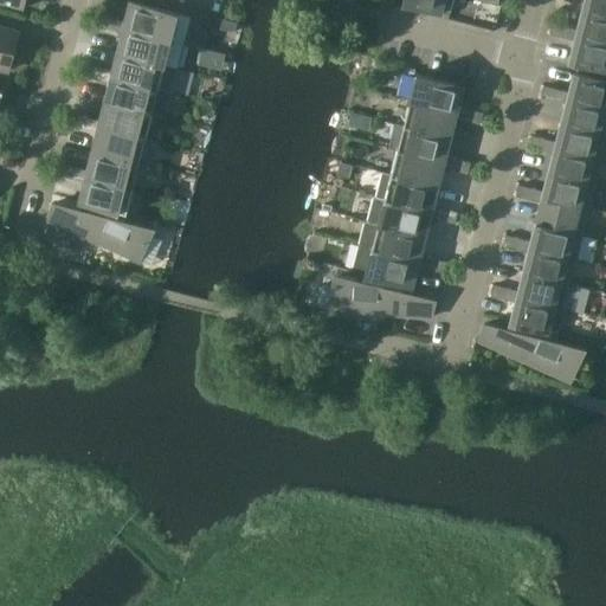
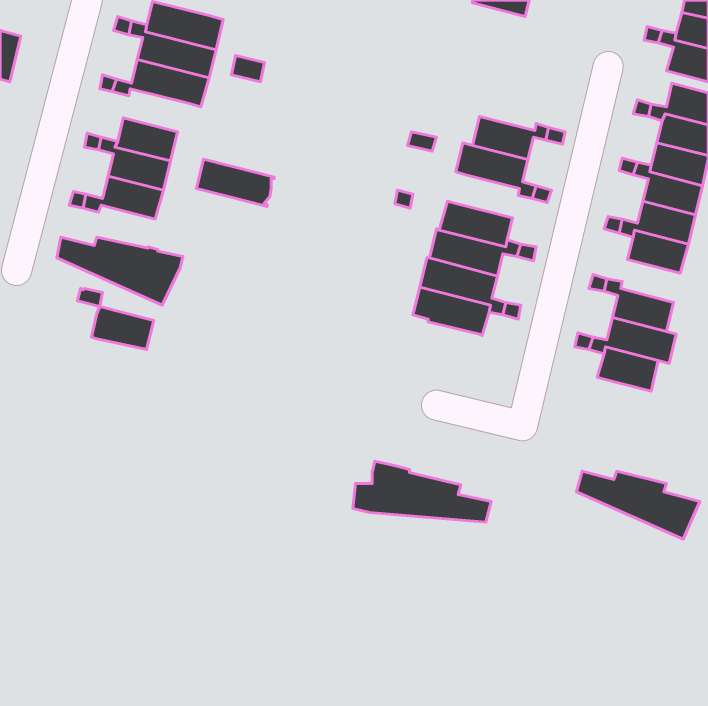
building: [410,76,463,114] -> none
building: [105,78,172,118] -> [196,159,274,206]
building: [391,152,444,188] -> none
building: [79,178,133,214] -> [91,307,154,350]
building: [530,224,581,260] -> none
building: [317,267,436,320] -> [353,461,491,522]
building: [479,325,585,383] -> [577,471,700,539]

